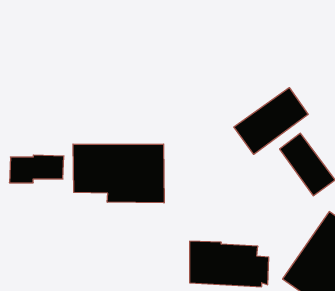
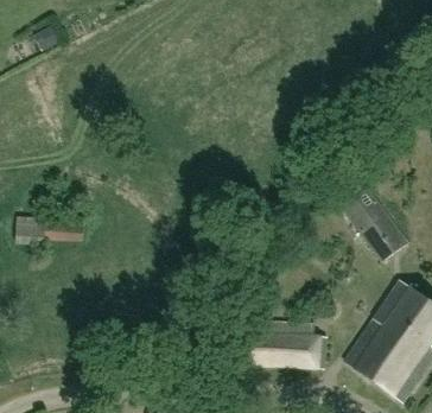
building: [234,88,308,154] -> none
building: [73,144,164,203] -> none

